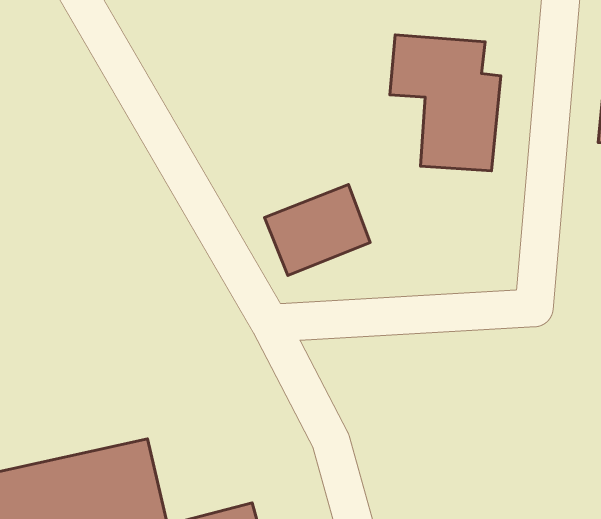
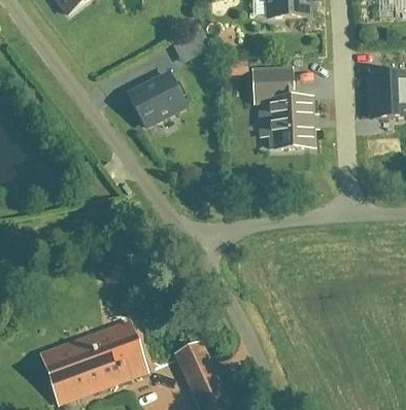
building: [264,185,370,276] -> [127,71,190,128]

